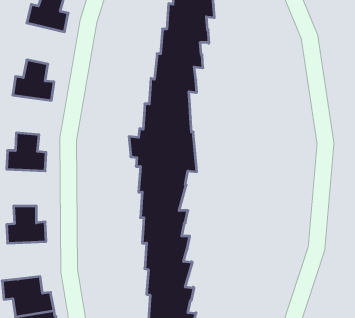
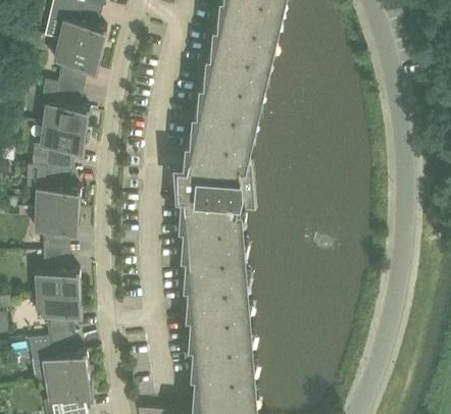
building: none -> [51,47,100,95]
building: none -> [38,131,85,176]
building: none -> [32,216,79,259]
building: none -> [34,300,81,344]

